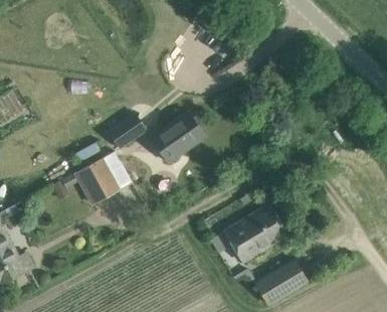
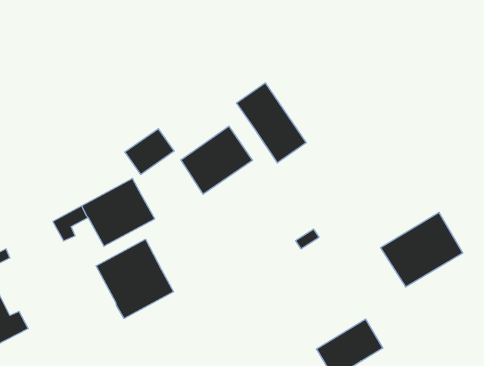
building: none -> [237,83,306,163]
building: none -> [96,239,173,318]
building: [223,205,286,263] -> [381,212,463,287]

